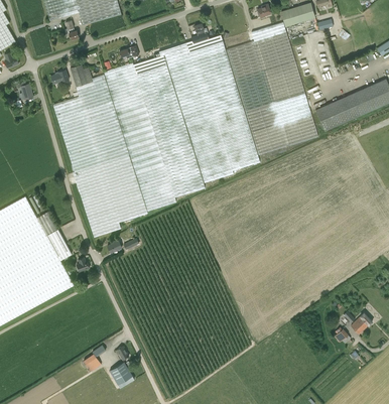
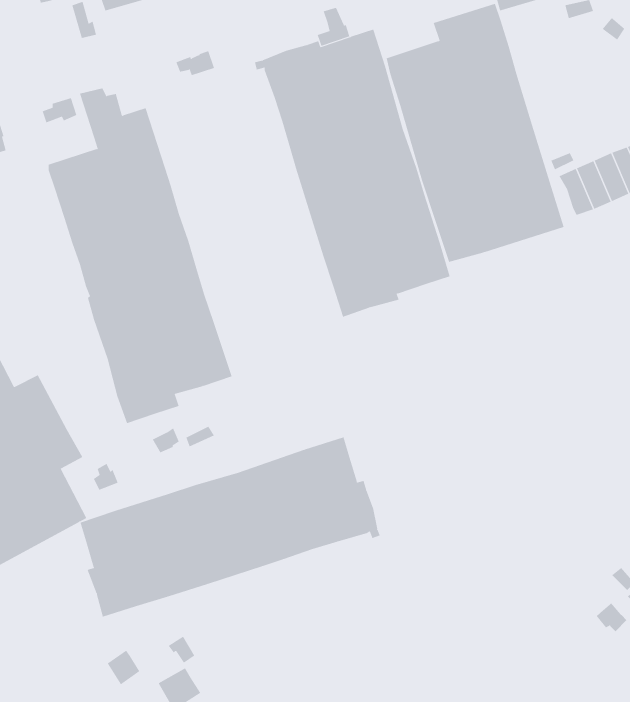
building: [104,54,205,211] -> none
building: none -> [80,436,380,618]

